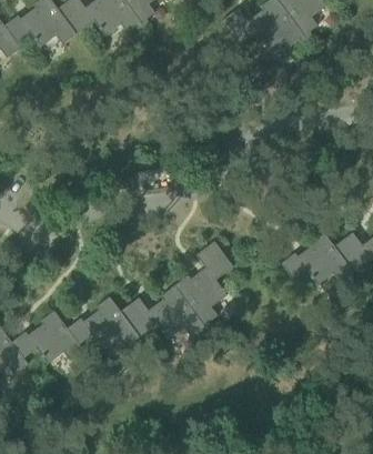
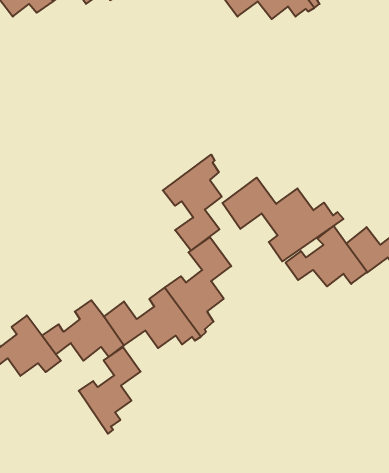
building: none -> [163,155,222,250]
building: none -> [222,178,343,261]
building: none -> [79,347,141,434]

